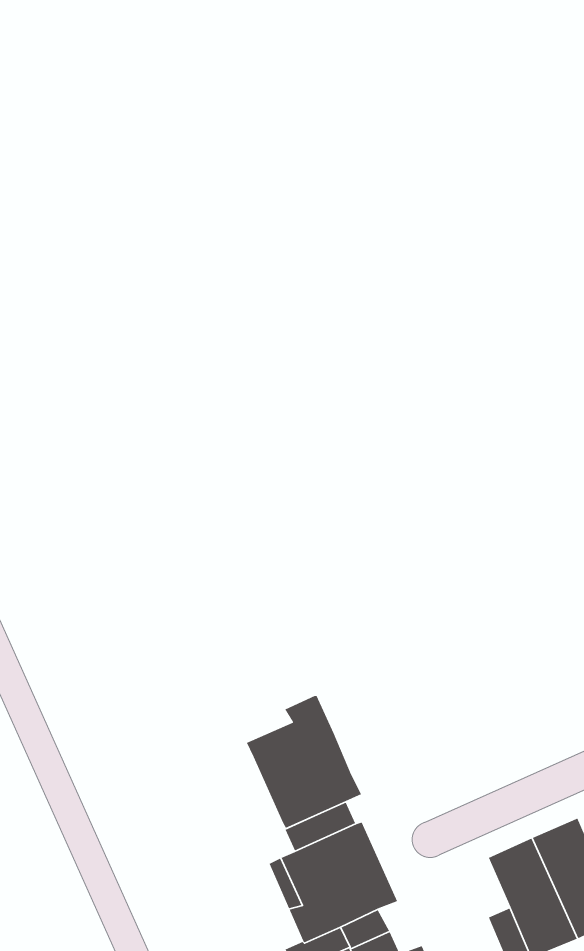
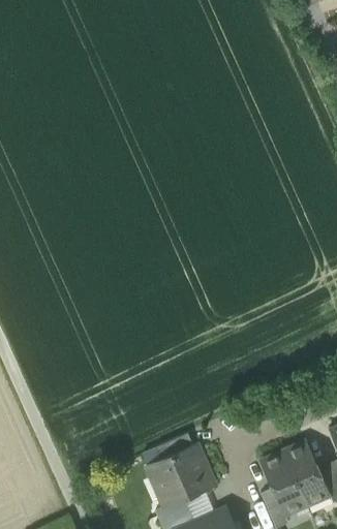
building: [246,695,362,829] -> none

